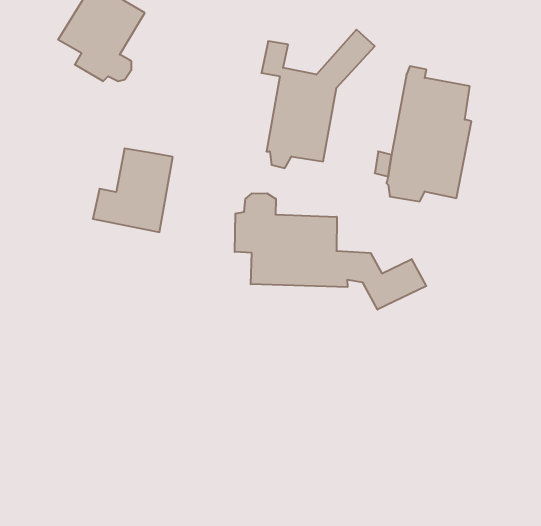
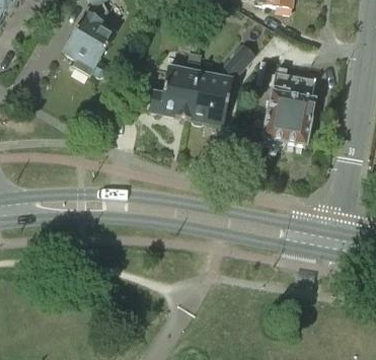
building: [93,149,173,232] -> [149,68,198,119]
building: [235,193,426,310] -> none

